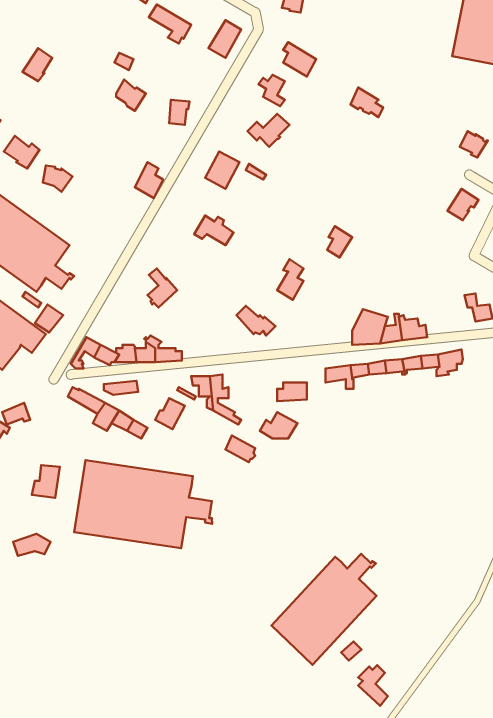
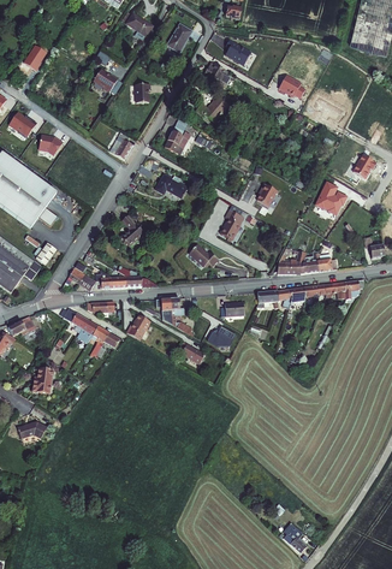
building: none -> [314,179,345,213]
building: [74,460,212,548] -> none
building: [271,554,376,665] -> none

